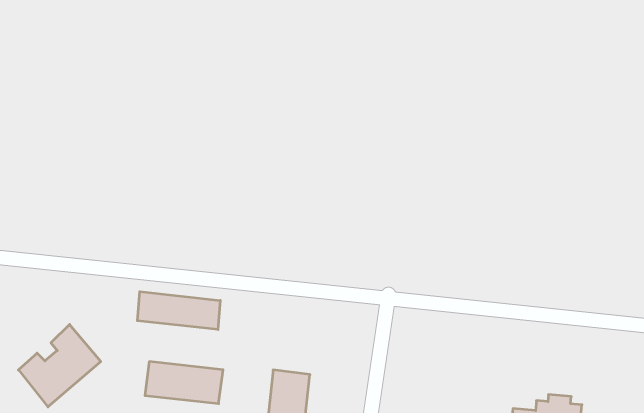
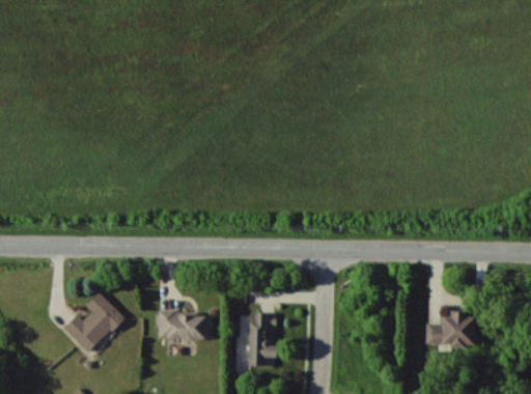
building: [137,292,220,330] -> none

